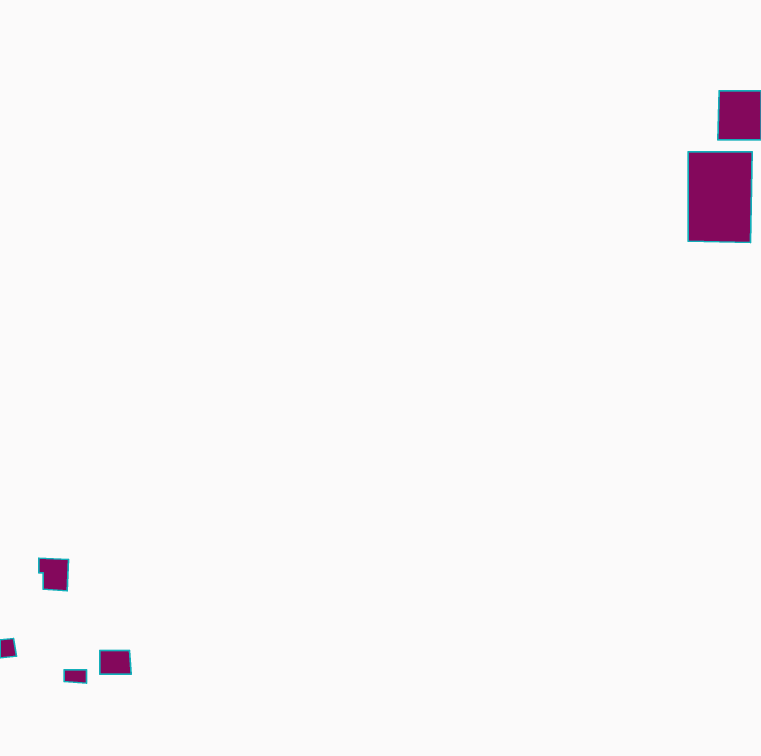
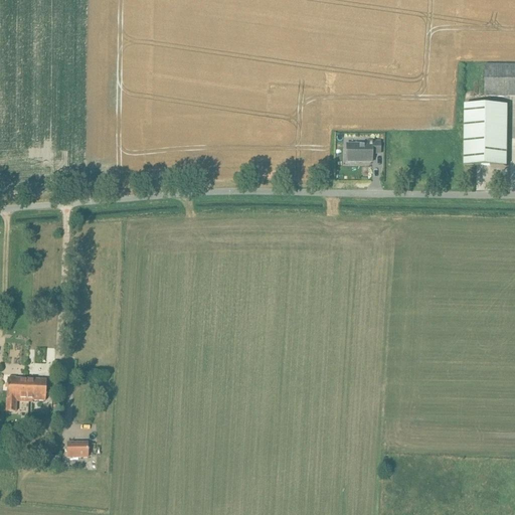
building: none -> [346,140,380,160]
building: none -> [6,376,29,409]

